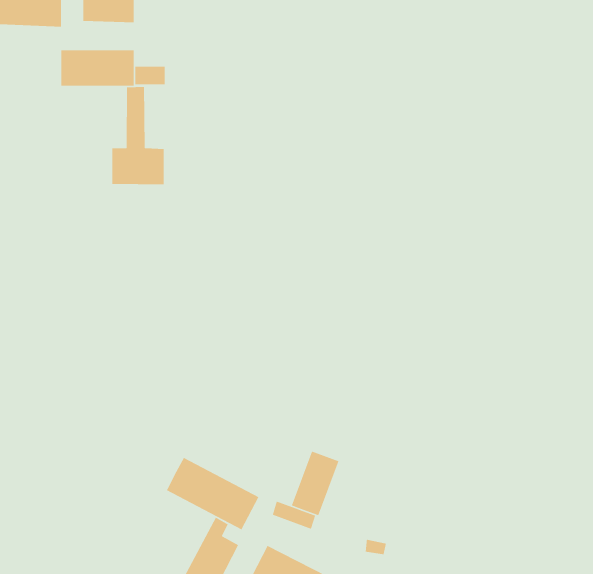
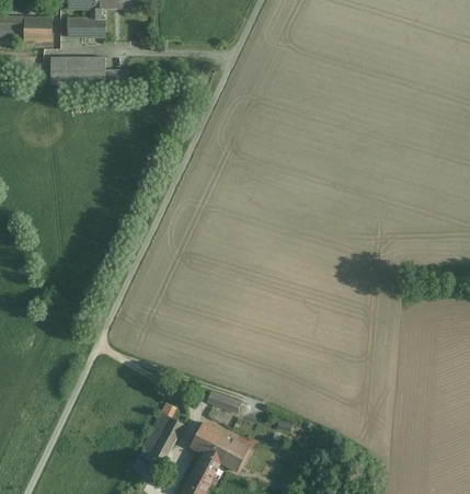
building: [111,86,164,185] -> none
building: [291,451,339,516] -> none
building: [166,457,260,530] -> none

